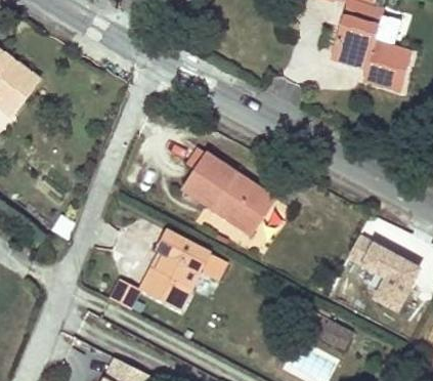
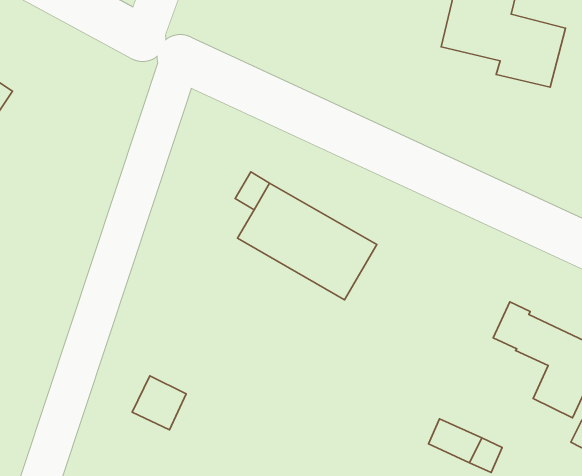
building: [147,232,232,308] -> none

